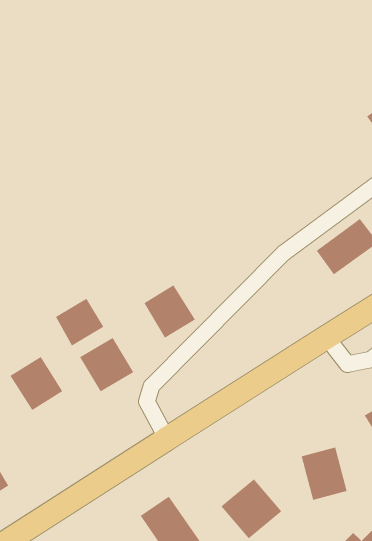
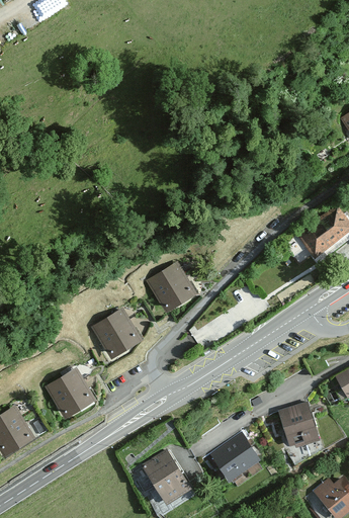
building: [55,298,104,347] -> none
building: [10,356,63,411] -> [43,369,90,417]

